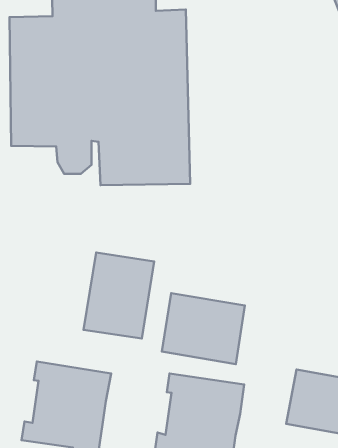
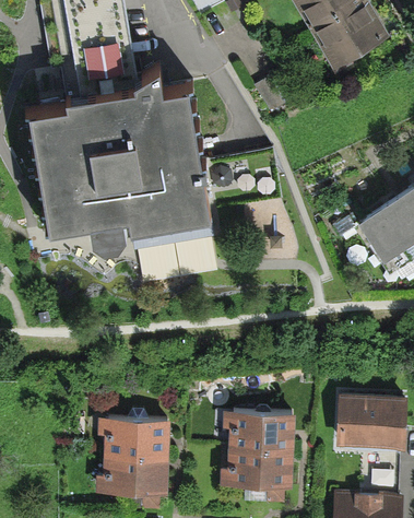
building: [84,253,154,339] -> none
building: [162,293,245,364] -> none

